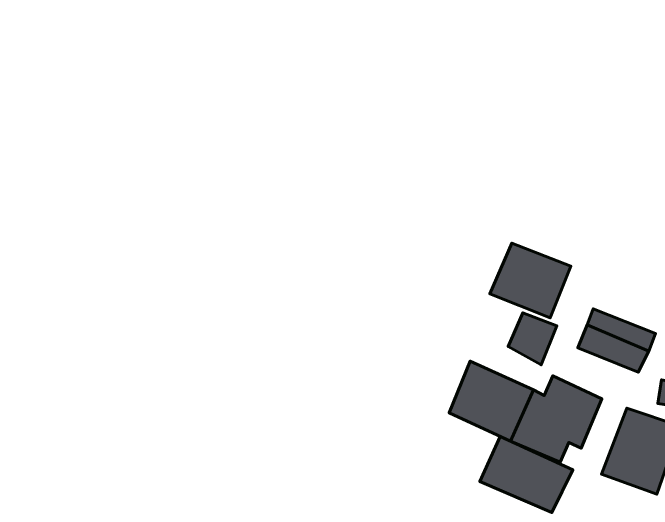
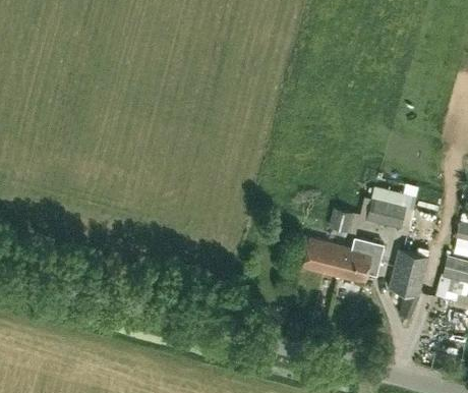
building: [490,243,571,318] -> none
building: [480,436,573,512] -> none

